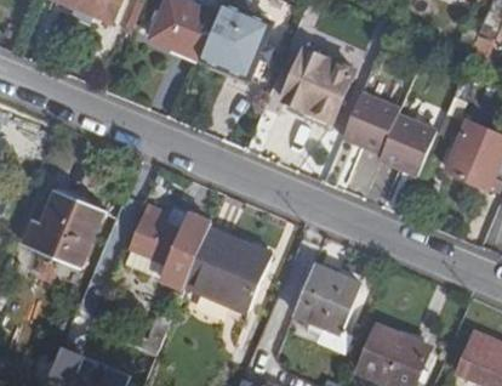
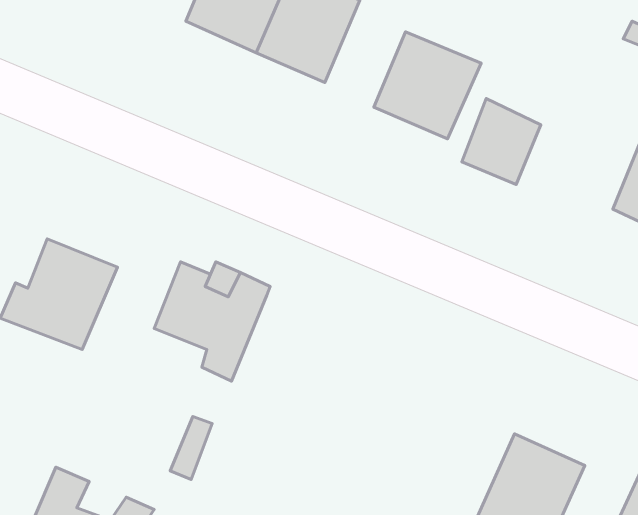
building: [376,115,433,176] -> none
building: [183,227,270,313] -> none
building: [293,263,360,330] -> none

